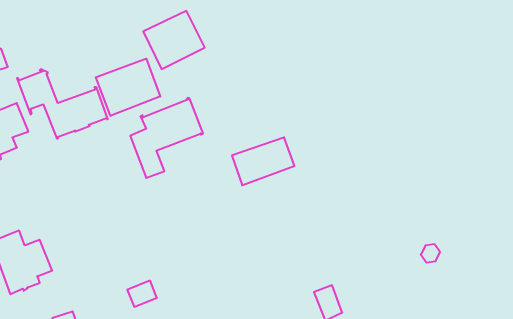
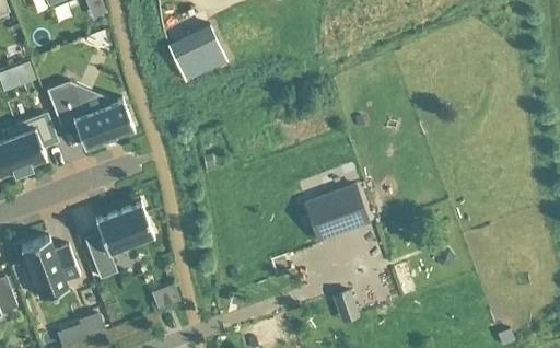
building: [96,59,160,116] -> none
building: [130,98,203,178] -> [84,202,154,279]
building: [232,137,294,185] -> [304,187,364,233]

